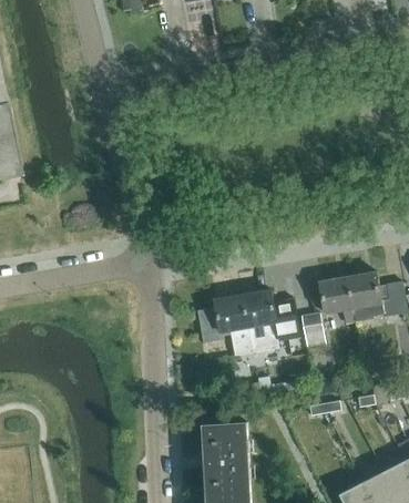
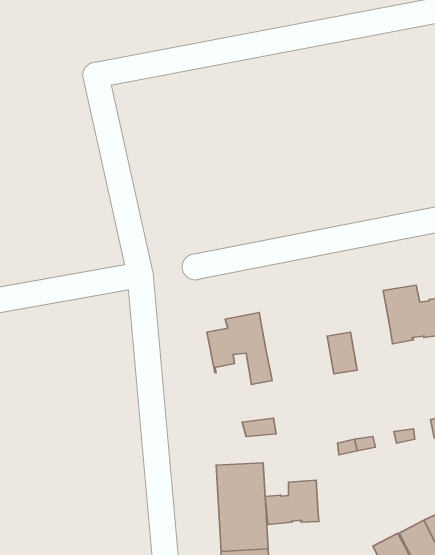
building: [308,276,355,324] -> none
building: [242,290,299,352] -> none
building: none -> [265,480,319,524]

